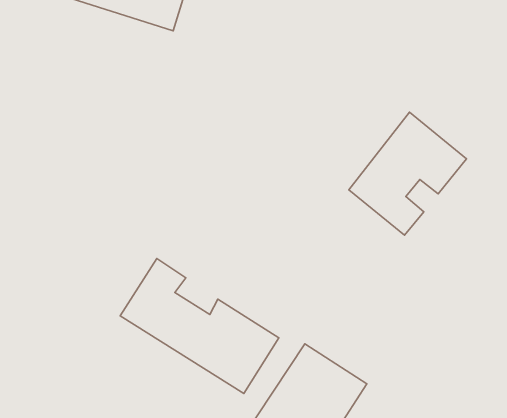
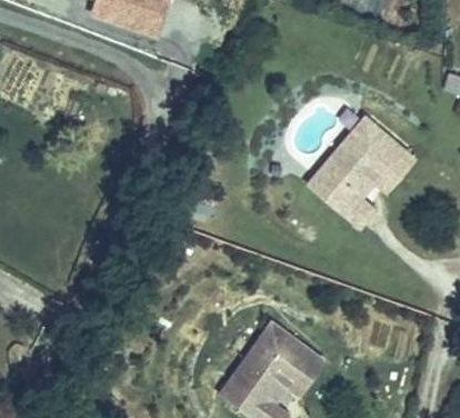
building: [120,259,279,393] -> none

